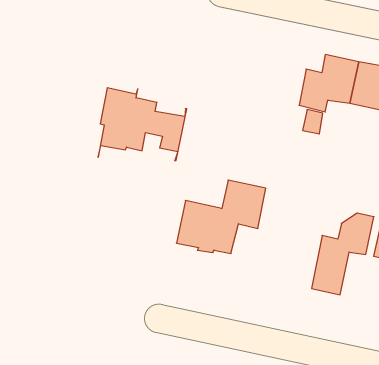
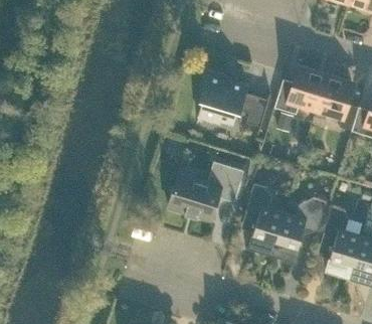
building: [98,88,187,161] -> [197,71,270,134]
building: none -> [247,184,285,254]

